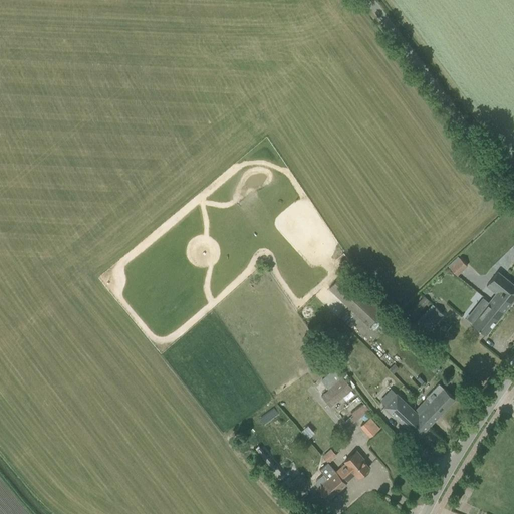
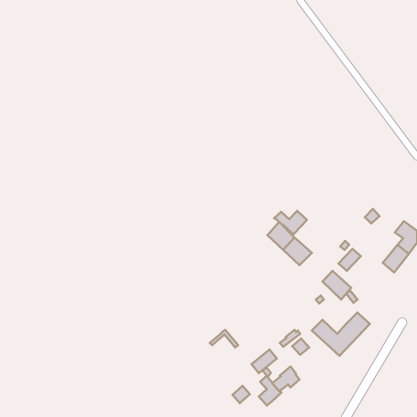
building: none -> [274,211,307,235]
building: none -> [322,271,351,299]
building: [321,377,352,407] -> [252,349,277,373]

